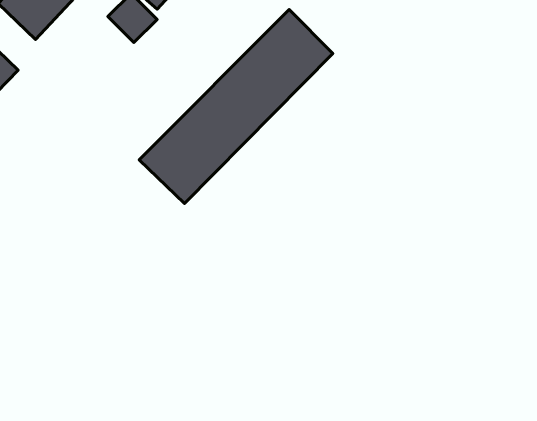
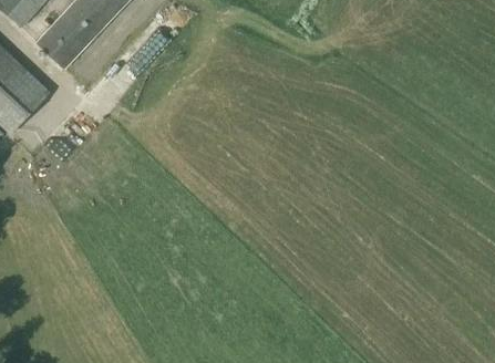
building: [139,10,333,204] -> none

